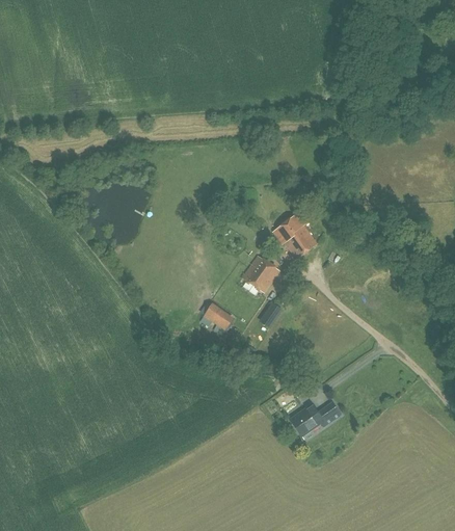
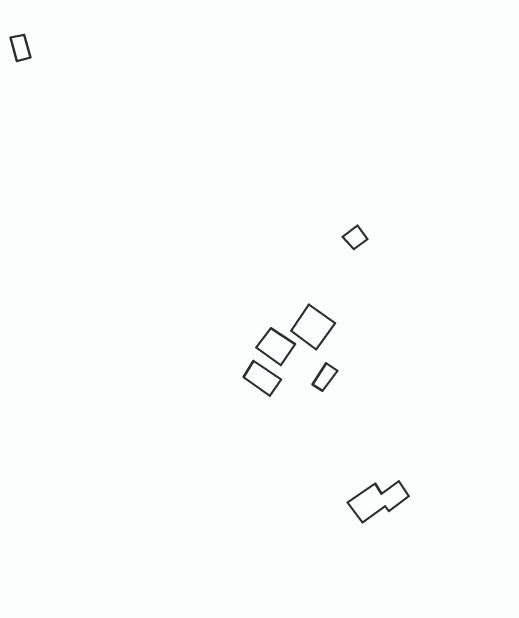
building: [271,211,316,259] -> none
building: none -> [256,328,295,365]

